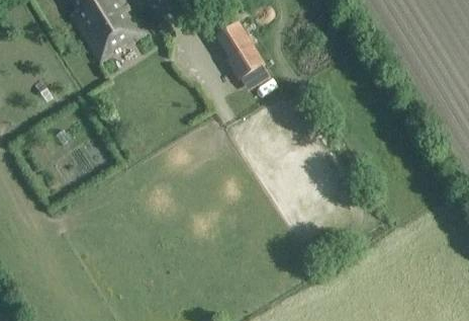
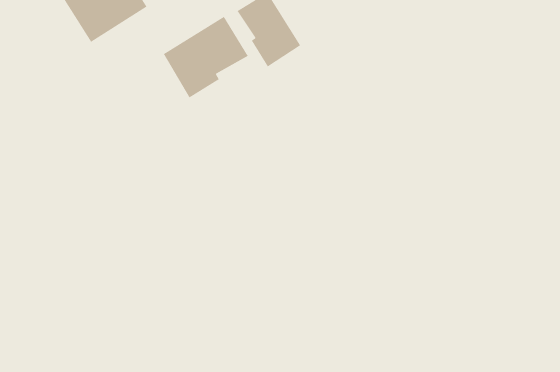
building: none -> [163,16,249,98]

